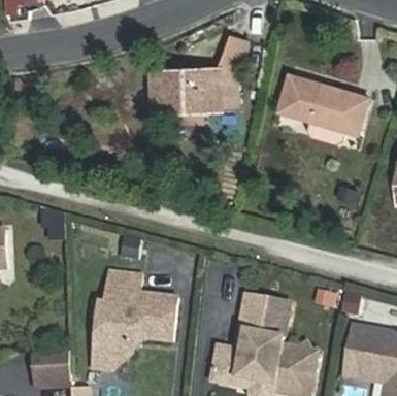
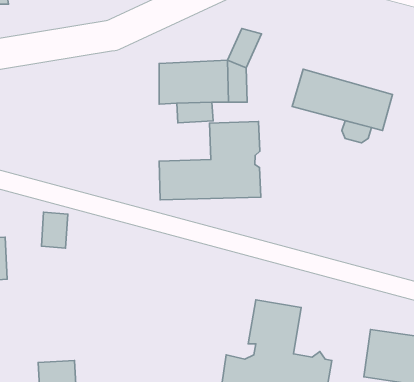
building: none -> [159,121,261,200]
building: [98,273,179,360] -> none

